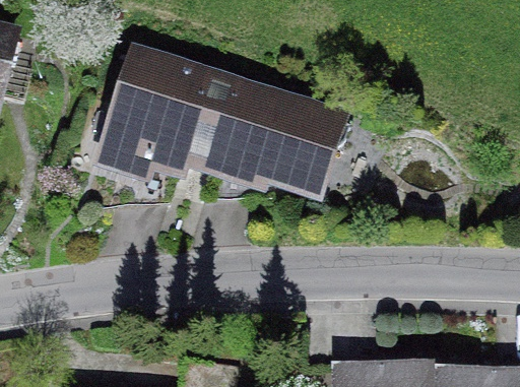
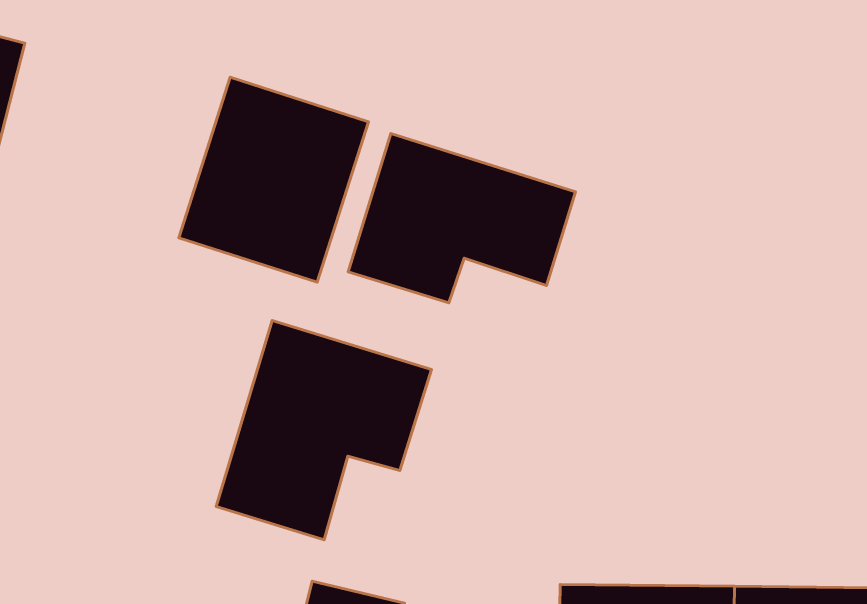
building: none -> [216,320,432,540]

